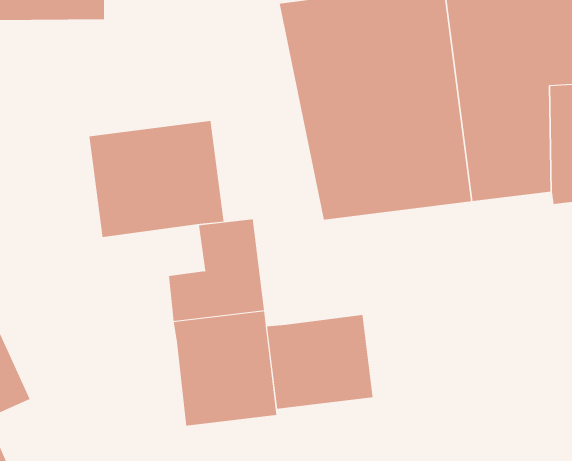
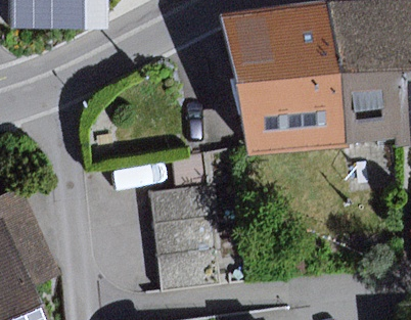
building: [89,120,224,238] -> none
building: [267,314,373,409] -> none

